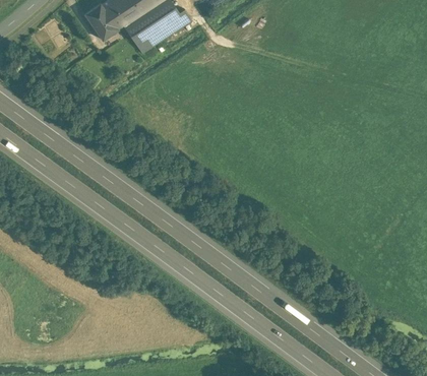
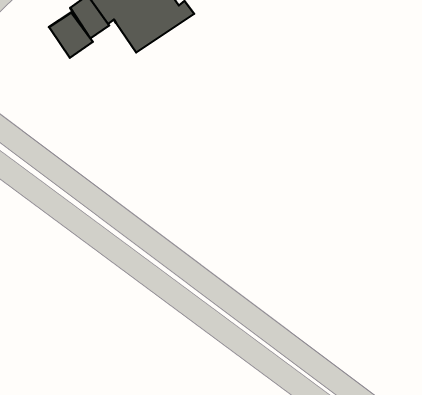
building: none -> [49,13,93,58]

